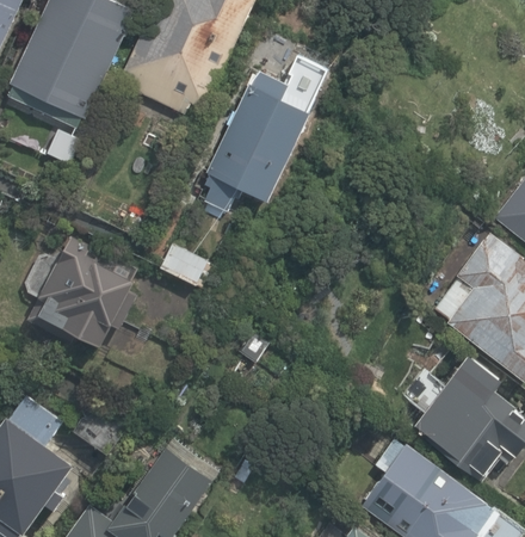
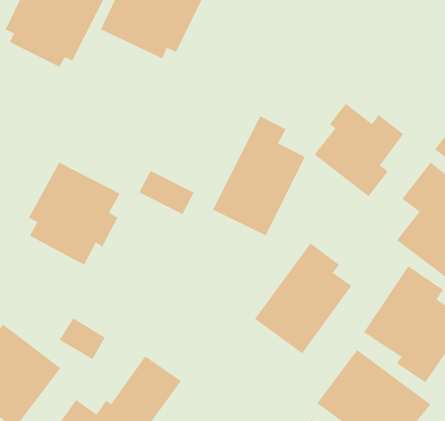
building: [204,67,309,203] -> [212,116,305,236]
building: none -> [314,103,404,197]
building: none -> [254,242,352,354]

